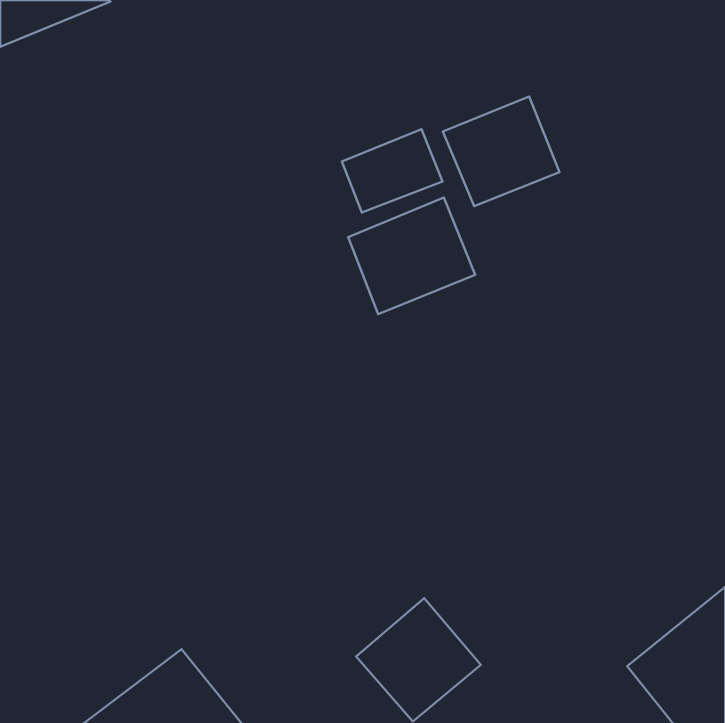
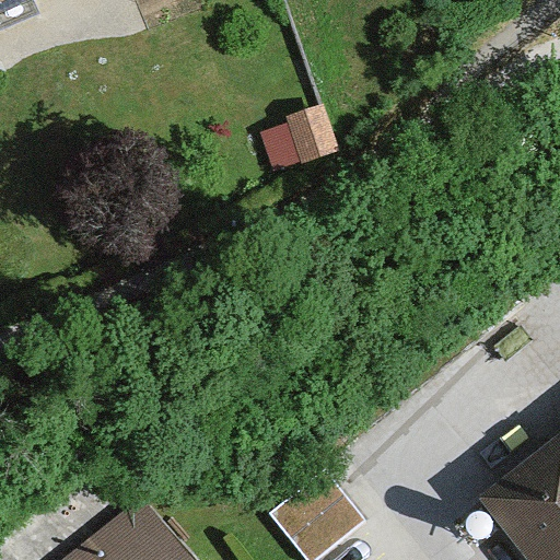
building: [443,97,560,206] -> none
building: [348,198,475,314] -> none

